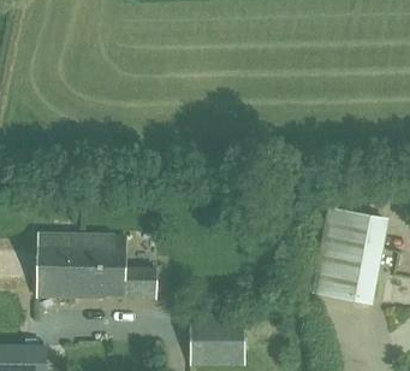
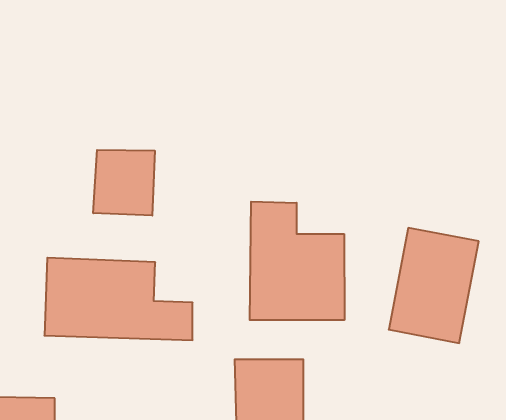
building: none -> [93,150,155,216]
building: none -> [250,202,344,320]

